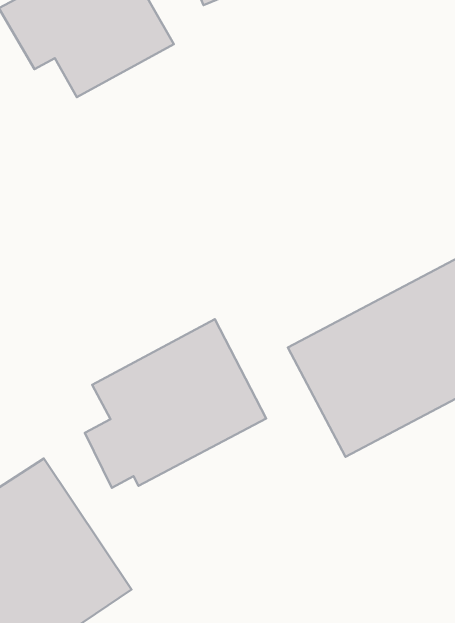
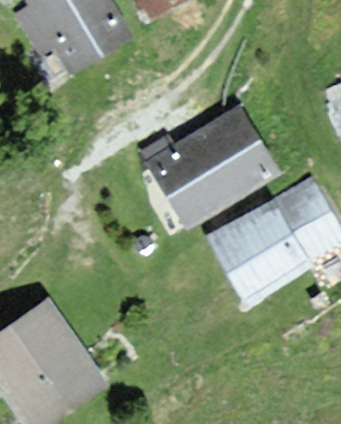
building: none -> [157,102,281,234]
building: [85,319,266,488] -> none

